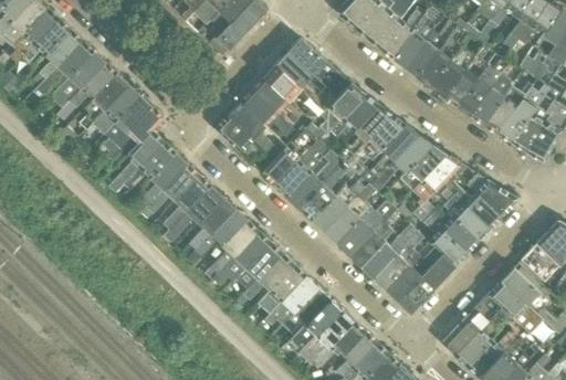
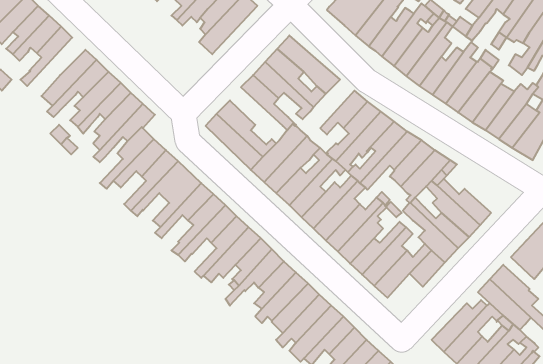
building: [33,40,95,97] -> none
building: [307,82,365,142] -> none
building: [240,89,293,137] -> none
building: [467,173,518,215] -> none
building: [398,276,433,313] -> none

